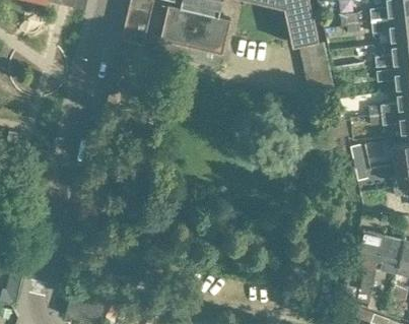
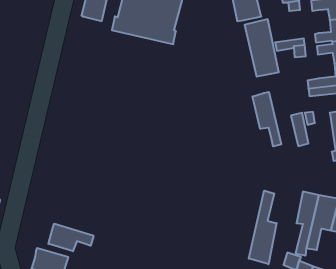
building: none -> [252,92,281,146]
building: none -> [249,191,277,264]
building: none -> [48,224,93,251]

